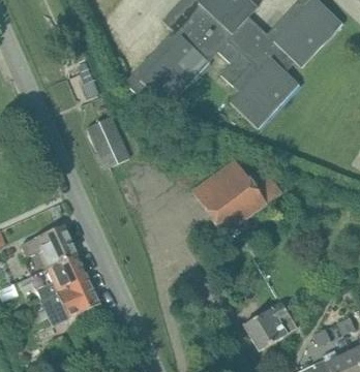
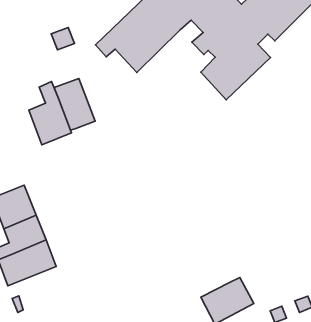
building: none -> [29,82,72,145]
building: [191,159,281,234] -> none

